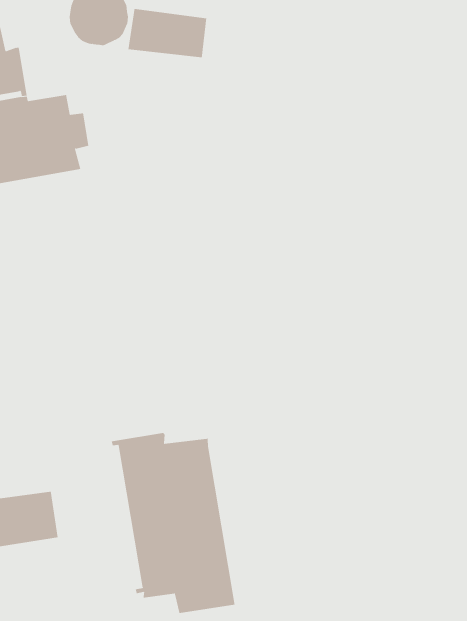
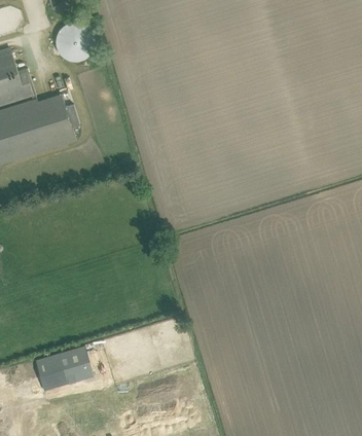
building: [128,8,207,58] -> none
building: [111,432,235,614] -> none

